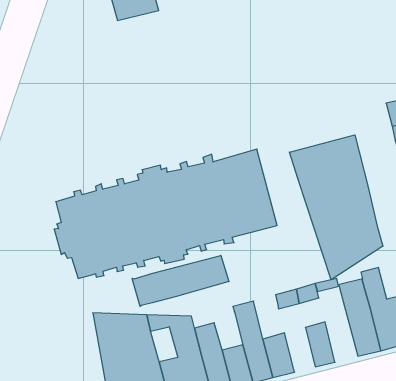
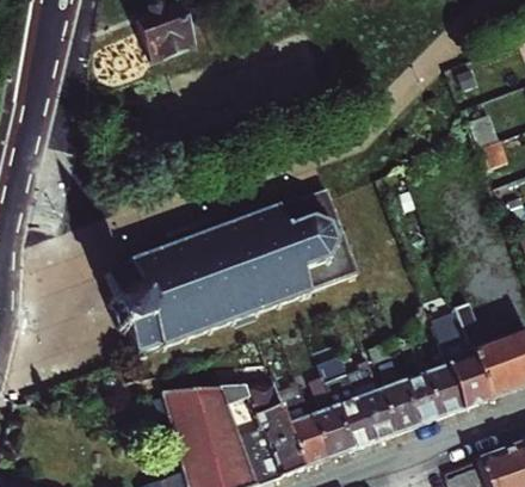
building: [289,135,383,280] -> none
building: [132,255,229,306] -> none
building: none -> [413,350,459,419]
building: none -> [375,383,413,434]

